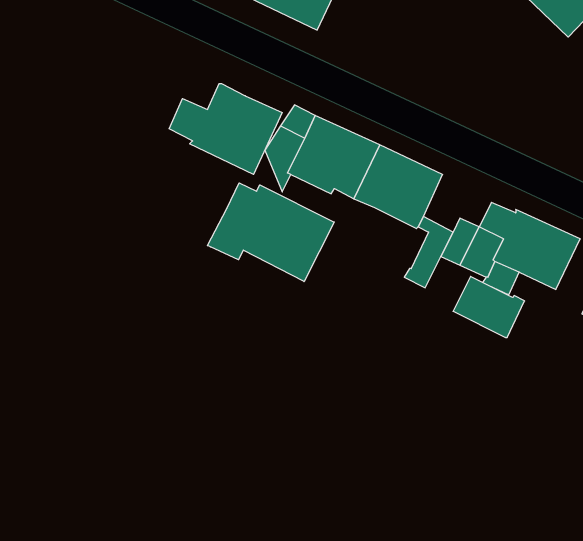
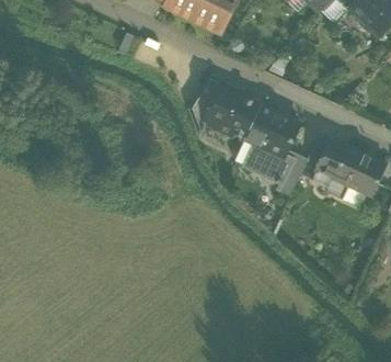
building: [169,84,282,174] -> none
building: [207,183,334,282] -> none
building: [453,276,525,337] -> [246,145,291,183]

